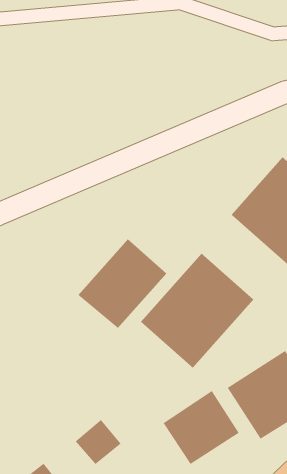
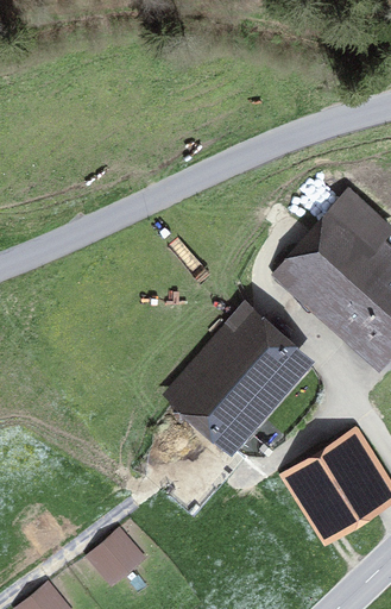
building: [77,239,167,329] -> none
building: [163,390,240,465] -> none

